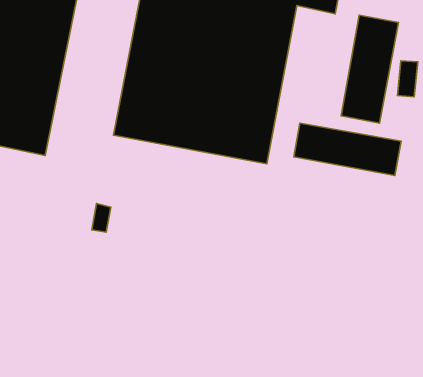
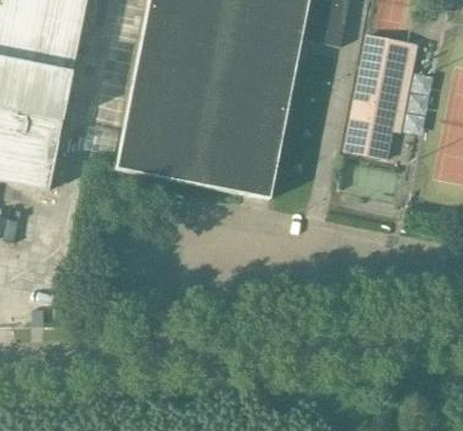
building: [294,123,401,176] -> none

